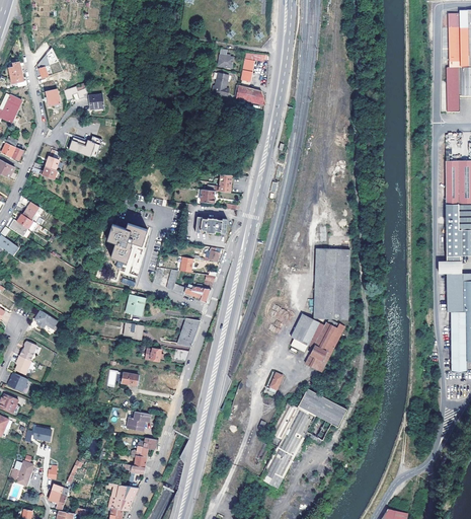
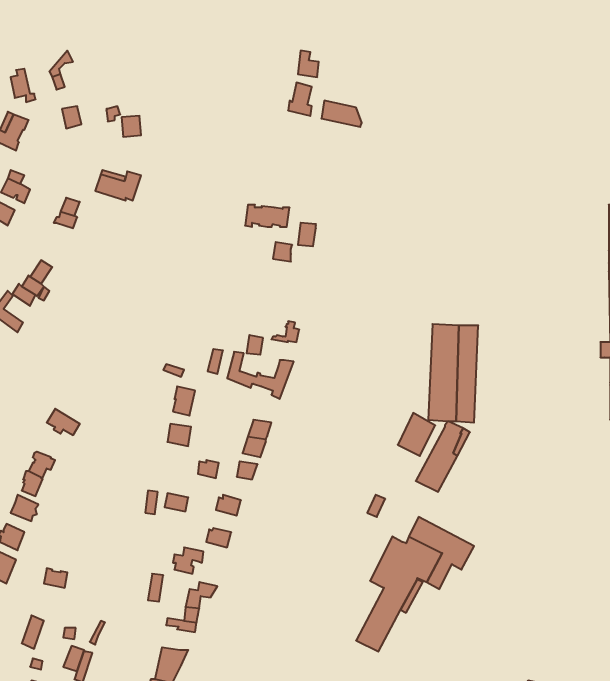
building: [239,52,267,81] -> none
building: [194,217,227,233] -> [245,205,290,227]
building: [106,222,146,262] -> none

